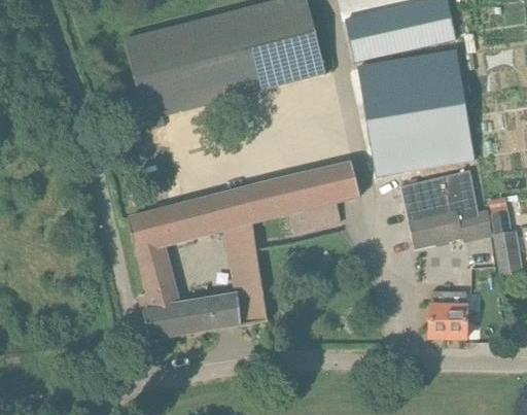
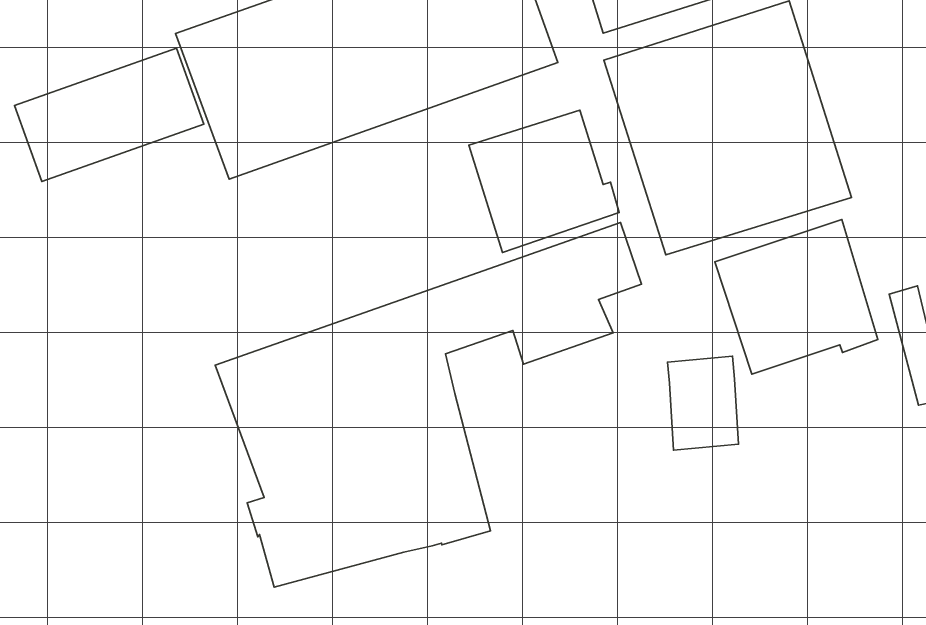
building: none -> [14,48,204,182]
building: none -> [469,110,619,253]
building: [430,289,466,337] -> [667,356,739,450]

